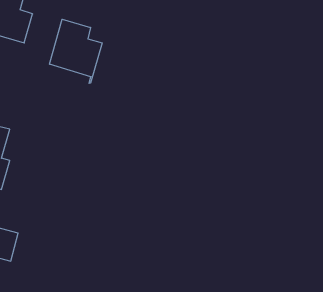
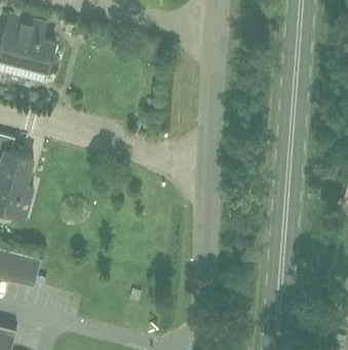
building: [50,19,102,83] -> none

